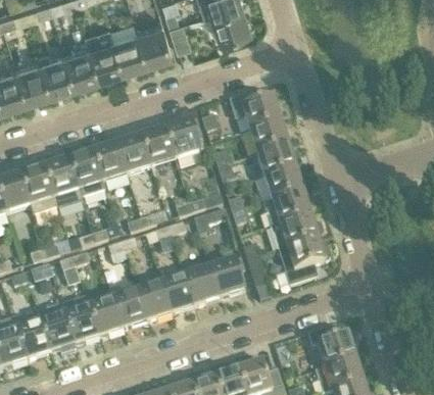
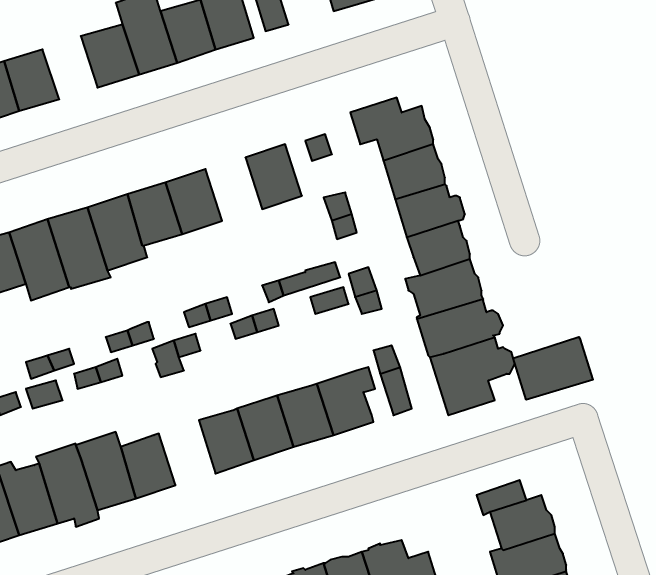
building: [38,51,74,93] -> none
building: [140,129,175,167] -> none
building: none -> [513,337,593,400]
building: [109,287,146,330] -> none

